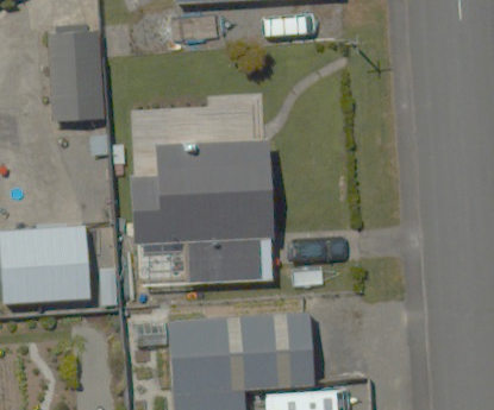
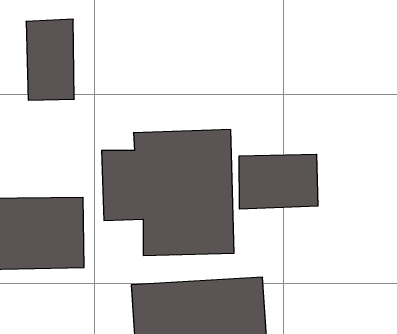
building: none -> [239,154,318,209]

